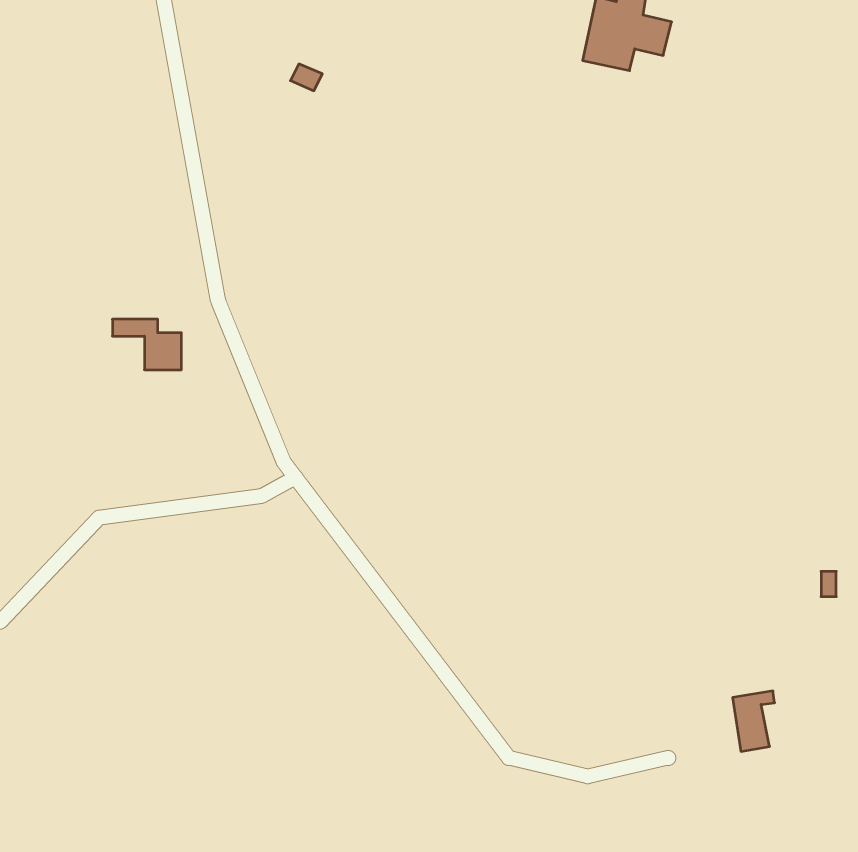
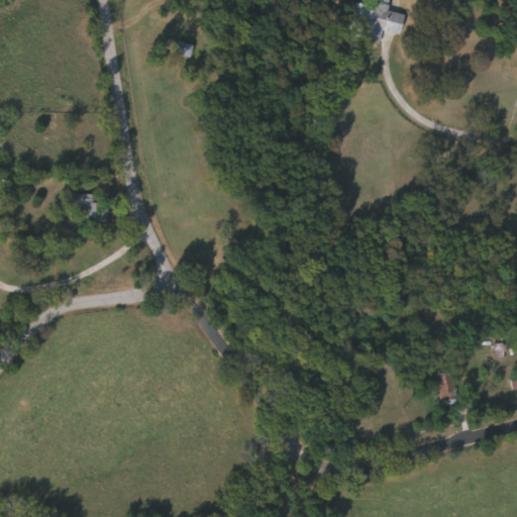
building: [733,691,775,751] -> [435,369,460,405]

